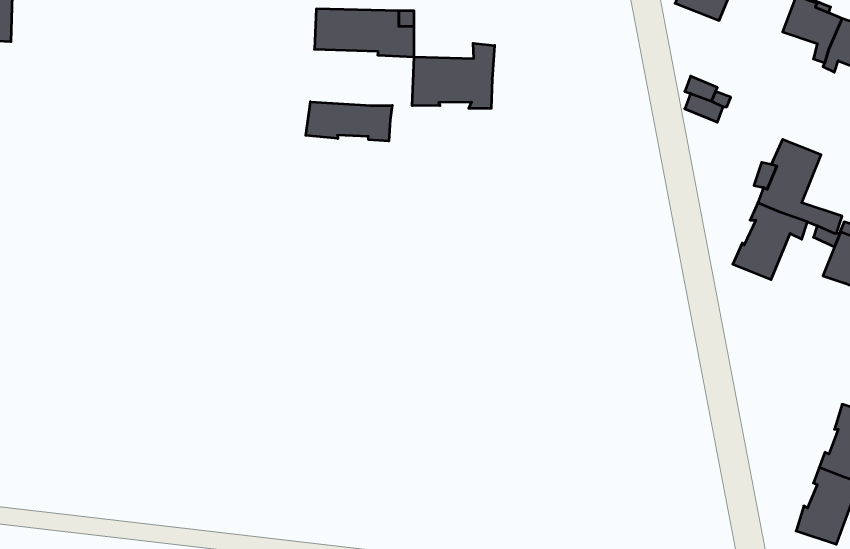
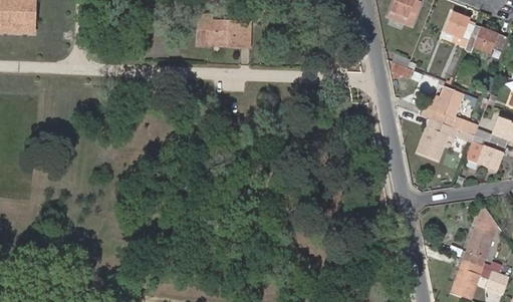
building: [412,43,495,108] -> none
building: [306,102,392,141] -> none

